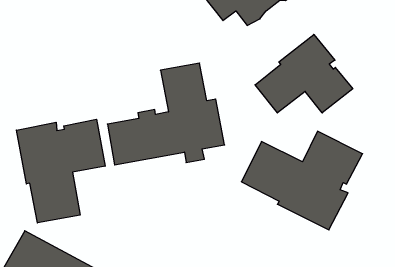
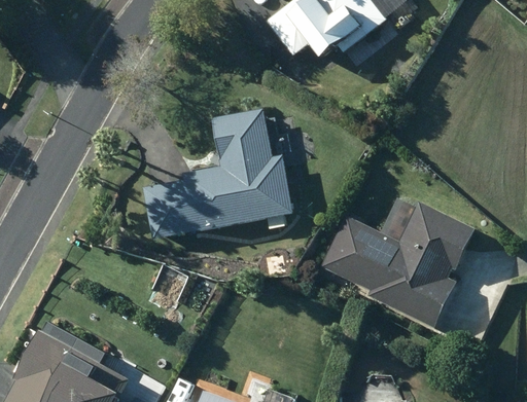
building: [255,34,353,113] -> none
building: [16,119,105,223] -> none

